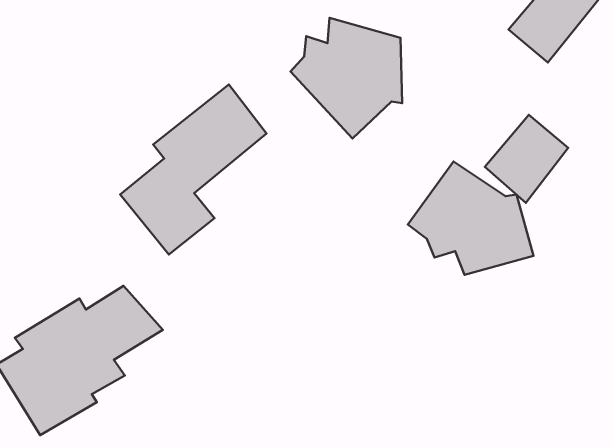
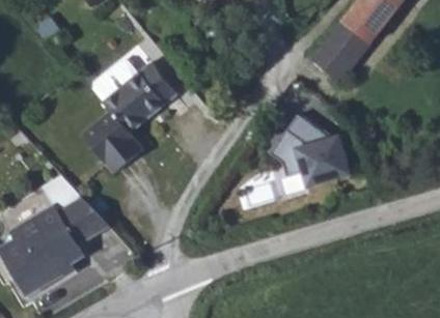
building: [291,18,402,138] -> none
building: [485,115,568,203] -> [307,26,362,84]

